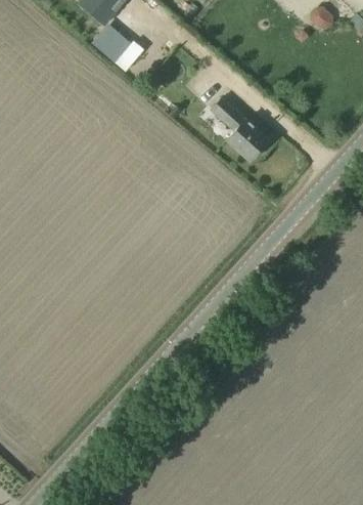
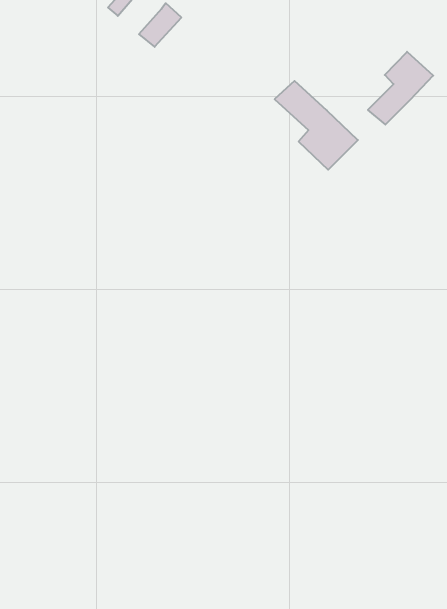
building: none -> [368,52,433,125]

